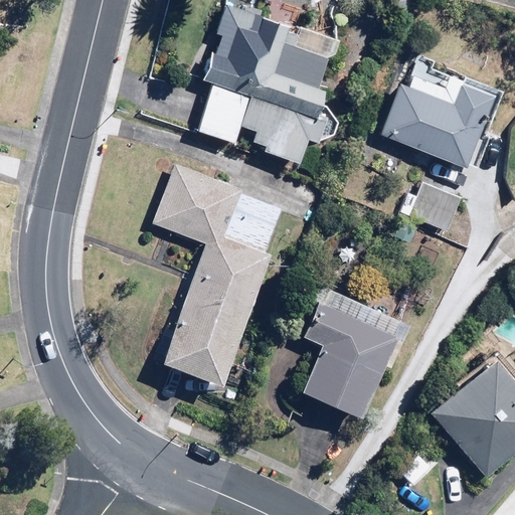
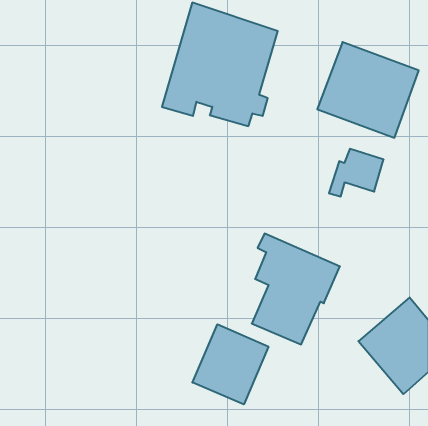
building: [151,166,282,387] -> none
building: none -> [192,324,268,404]

